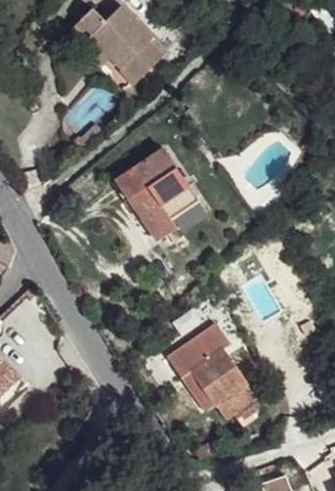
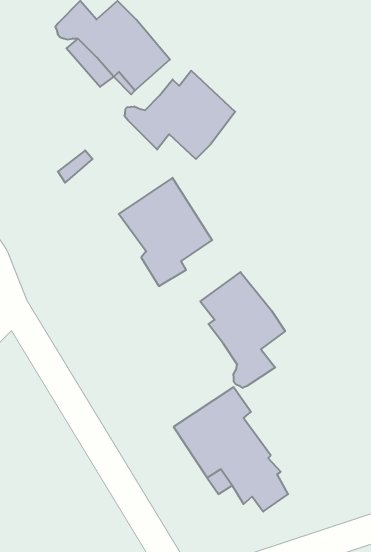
building: none -> [125,71,235,159]
building: none -> [200,272,285,388]

